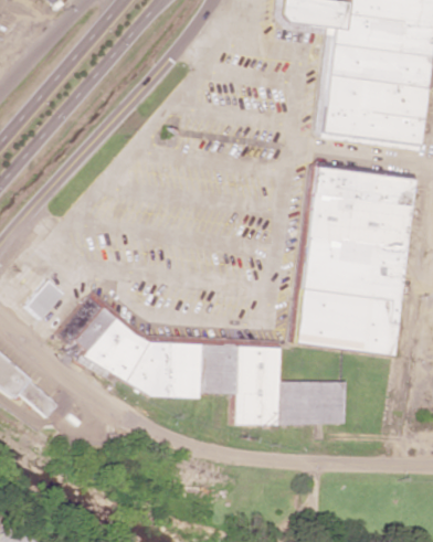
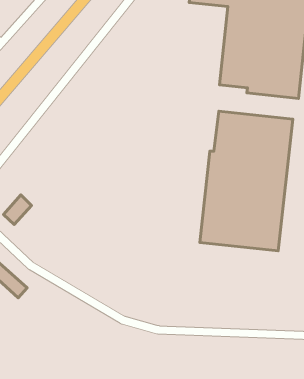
building: [57,296,345,426] -> none

